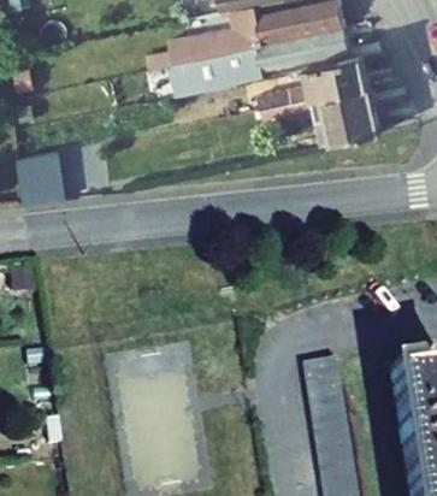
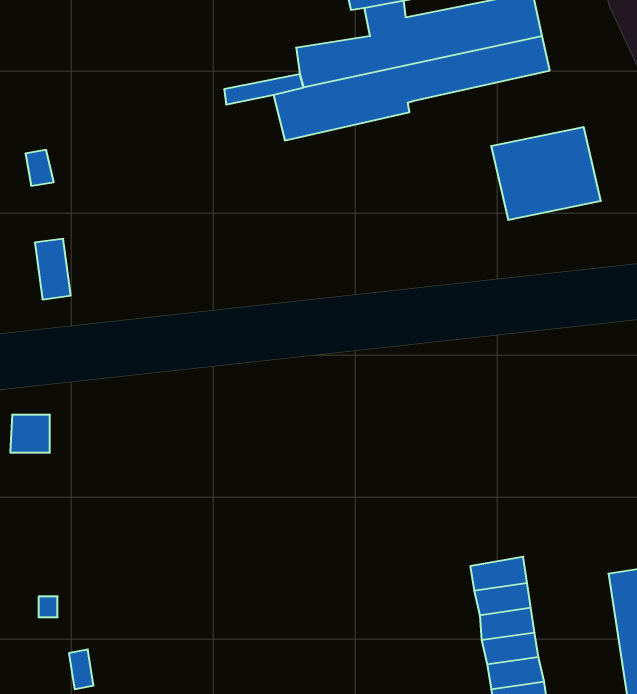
building: [262,53,376,107] -> none

